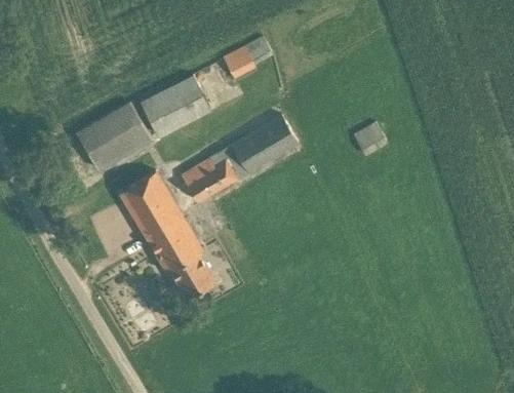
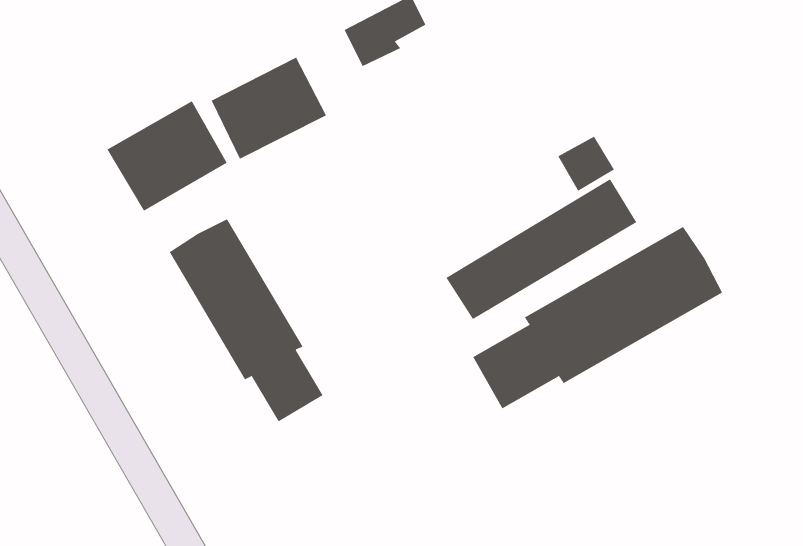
building: [180,116,296,202] -> [445,178,637,320]
building: none -> [472,226,723,409]

